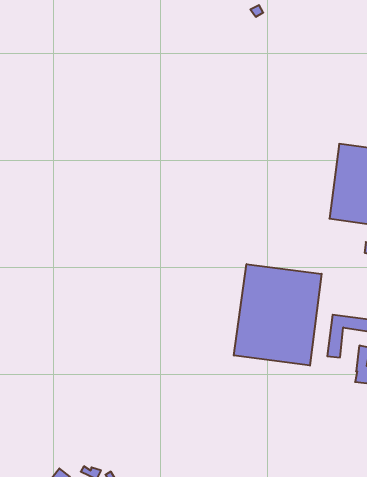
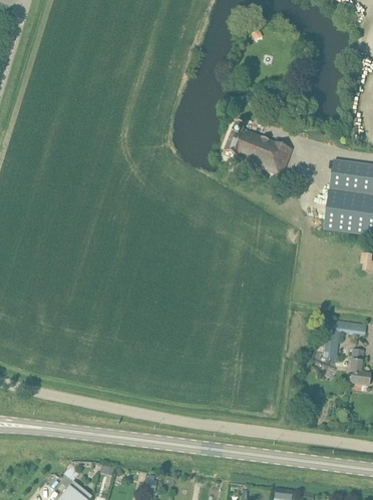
building: none -> [223,121,291,174]
building: [234,264,322,366] -> none

